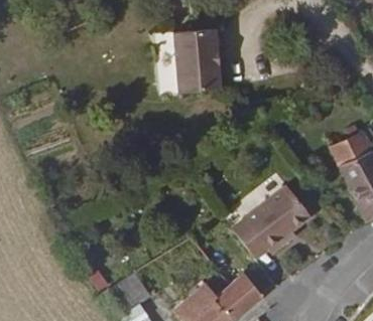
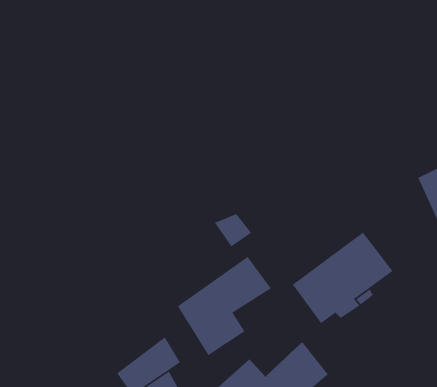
building: [181,27,230,91] -> none
building: none -> [177,256,272,356]

